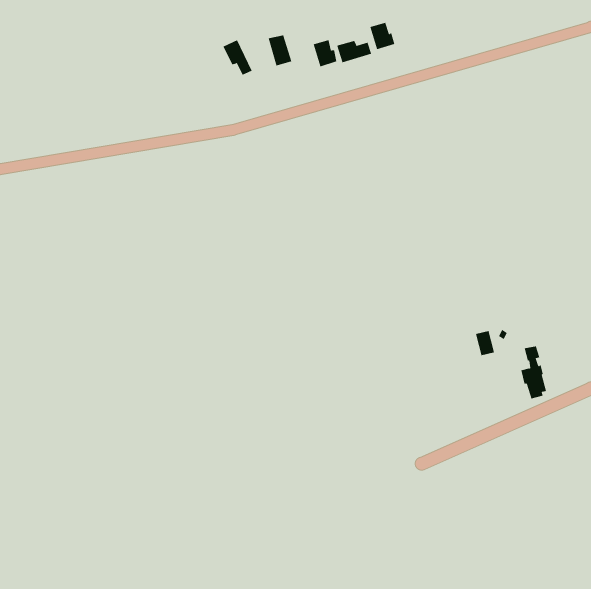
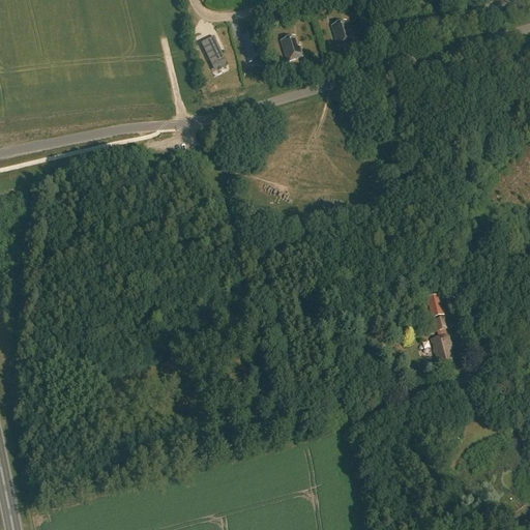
building: [337,40,372,63] -> none
building: [520,346,547,399] -> [429,318,452,365]

